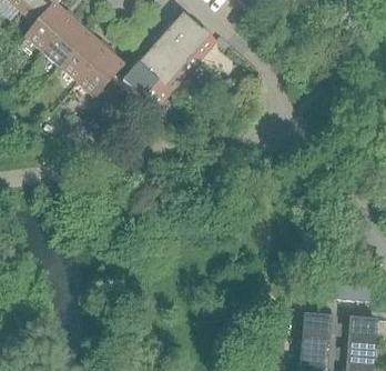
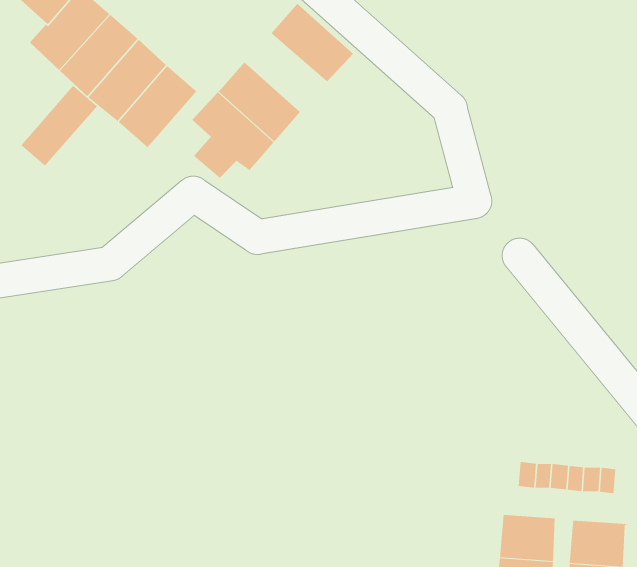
building: [152,29,201,76] -> none
building: none -> [20,85,98,167]

